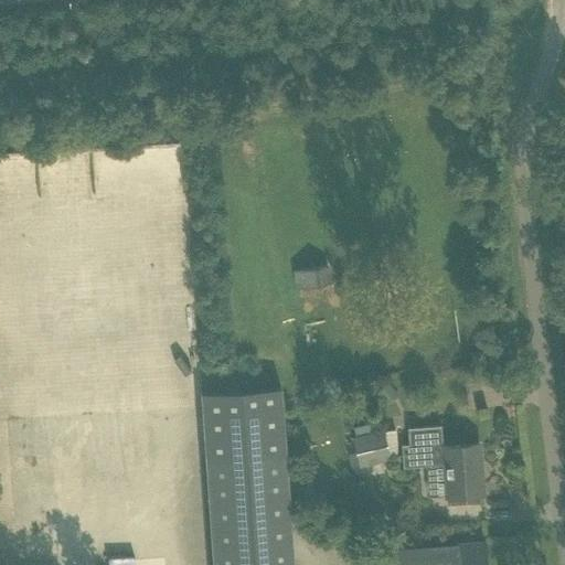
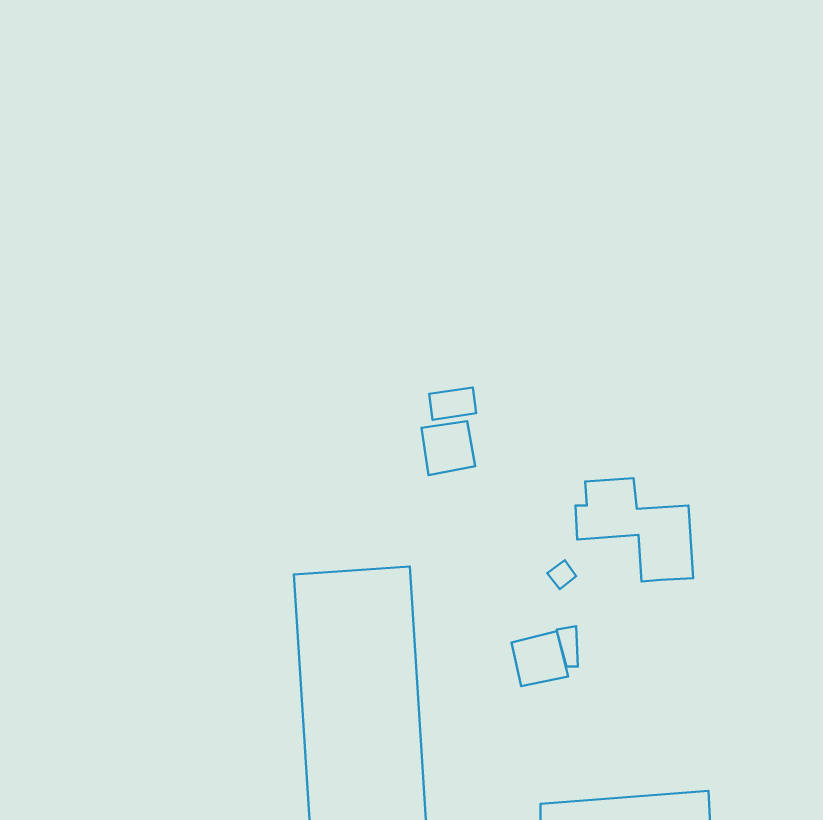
building: none -> [422,421,475,475]
building: [402,428,482,499] -> [575,478,693,581]

